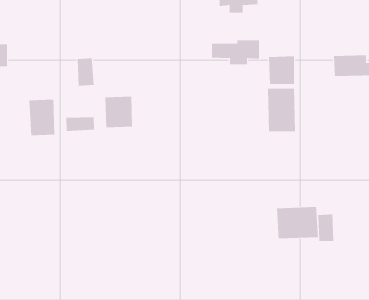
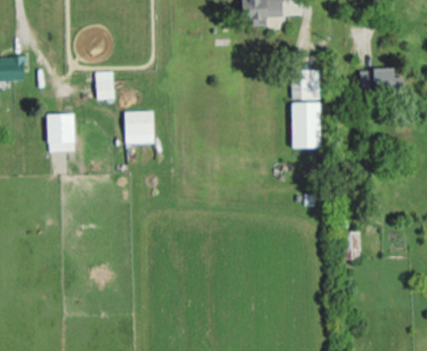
building: [212,40,260,65] -> none
building: [66,117,95,132] -> none
building: [277,206,318,239] -> none

